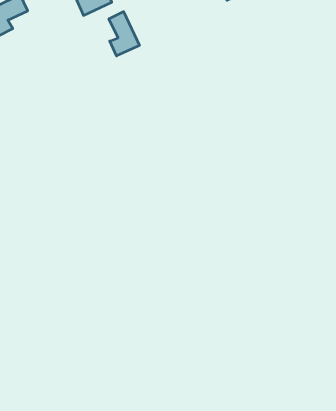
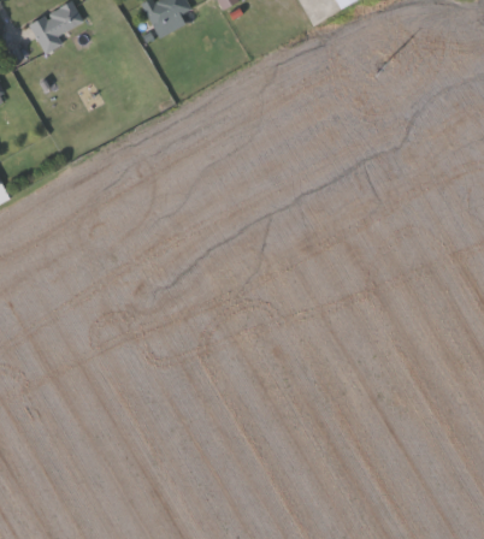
building: [109,12,139,56] -> none

